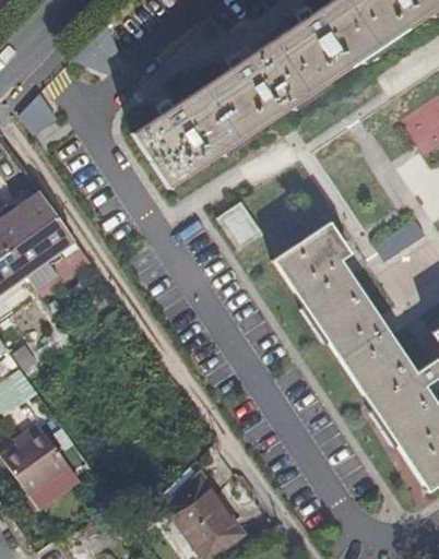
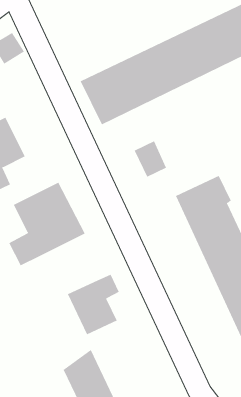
building: none -> [9,182,86,266]
building: none -> [67,274,120,335]

